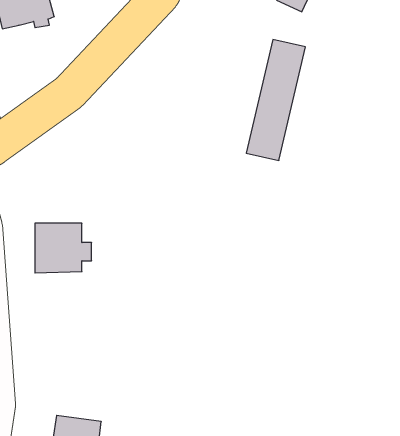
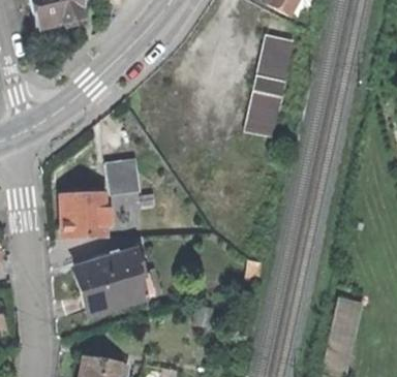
building: none -> [106,160,141,193]
building: none -> [74,250,143,312]

